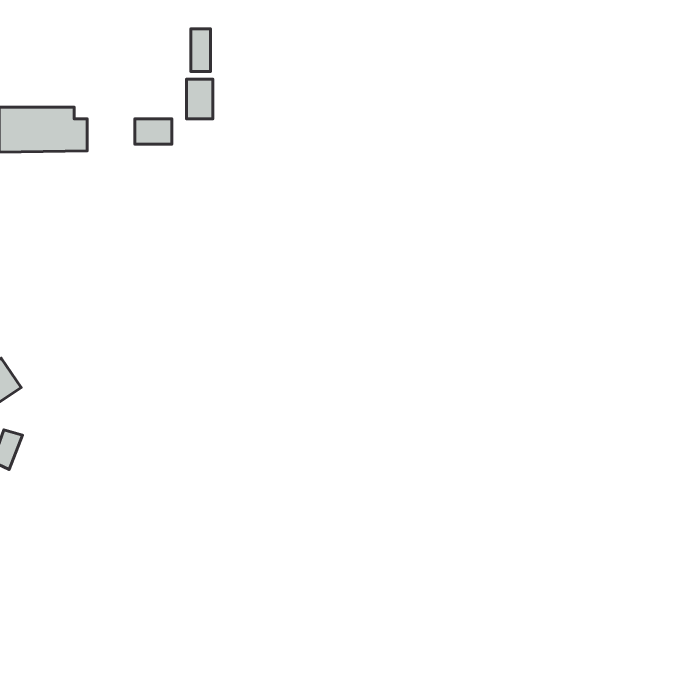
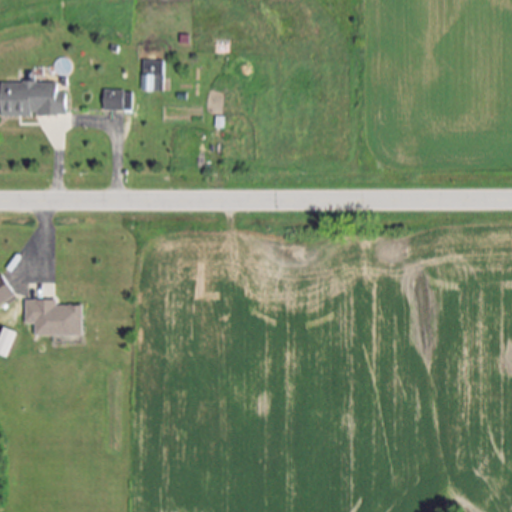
building: [191,29,210,71] -> none
building: none -> [24,302,81,336]

